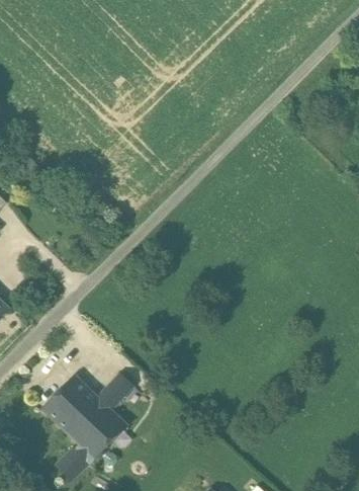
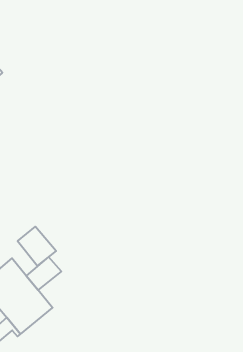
building: none -> [18,227,56,266]

